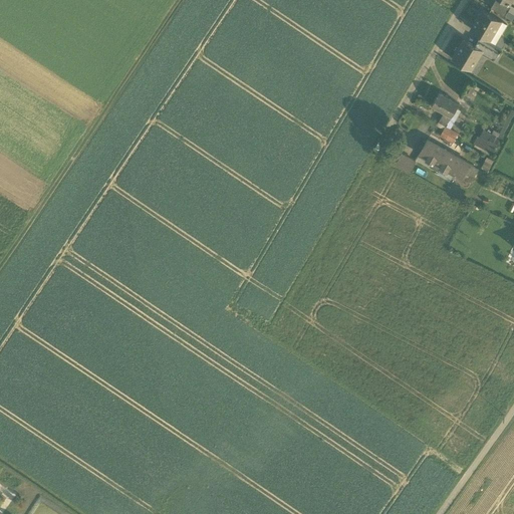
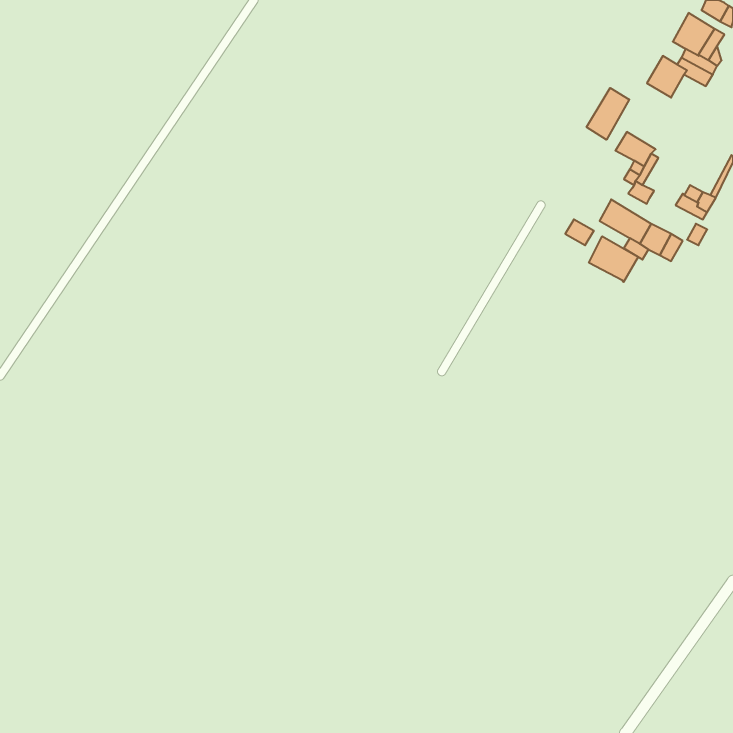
building: none -> [587,88,629,140]
building: none -> [589,236,638,282]

